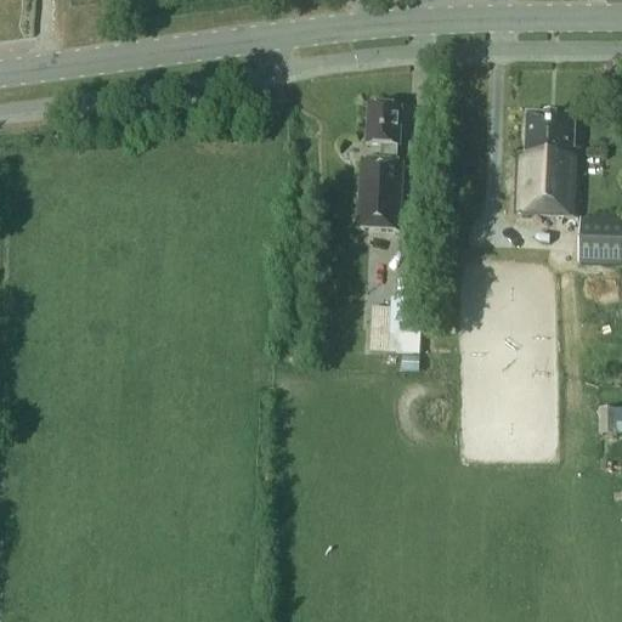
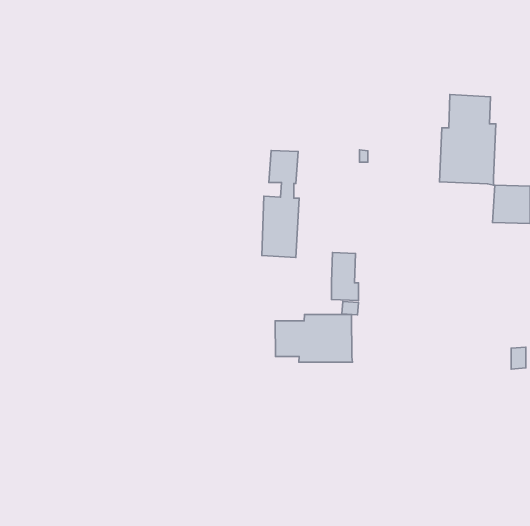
building: [357,103,401,228] -> [262,150,299,257]
building: none -> [275,315,352,362]

